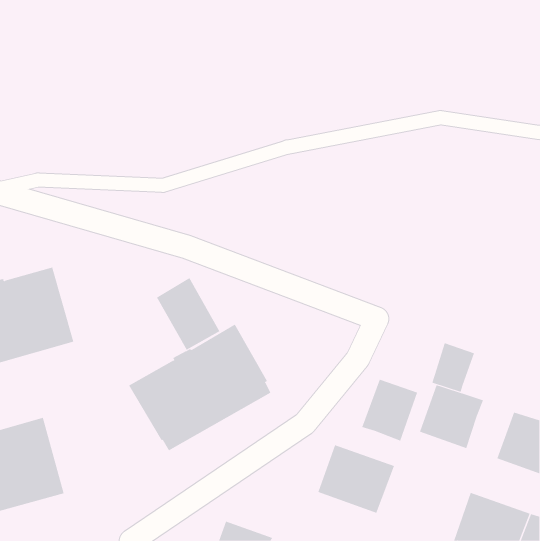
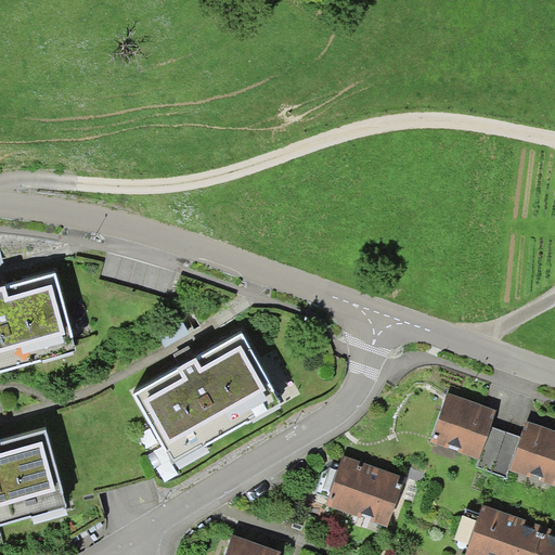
building: [156,277,220,351] -> none
building: [432,343,475,392] -> [476,426,520,477]
building: [362,379,418,441] -> none

